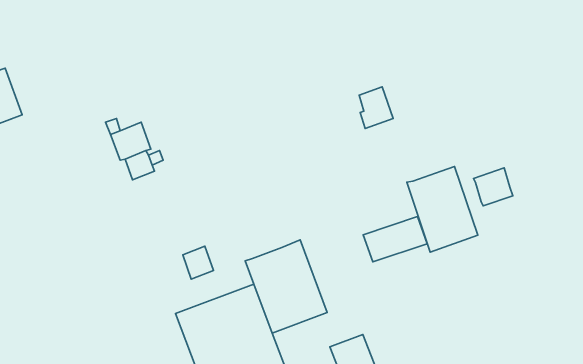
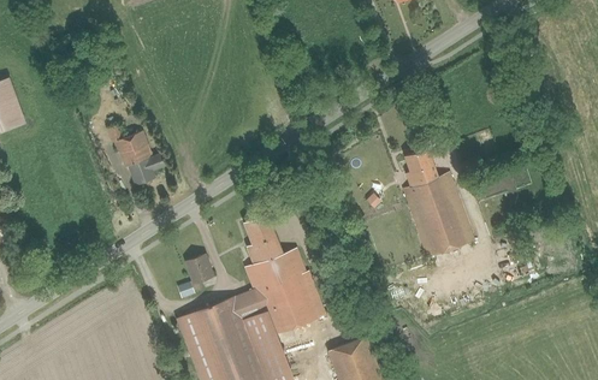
building: [359,87,393,128] -> [404,147,438,188]
building: [473,168,513,206] -> none
building: none -> [242,212,282,263]
building: [363,216,427,262] -> none

